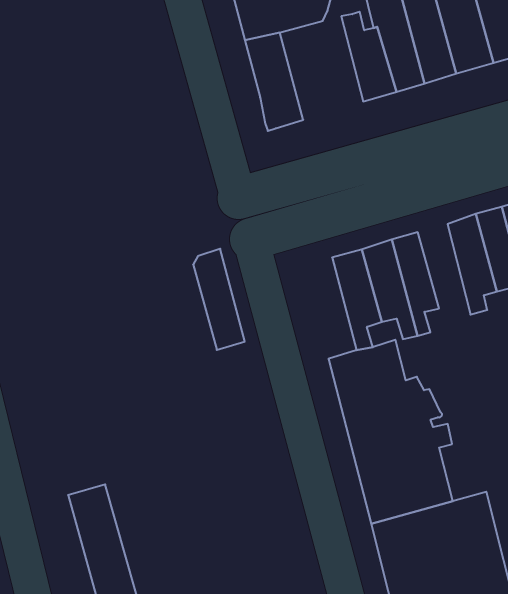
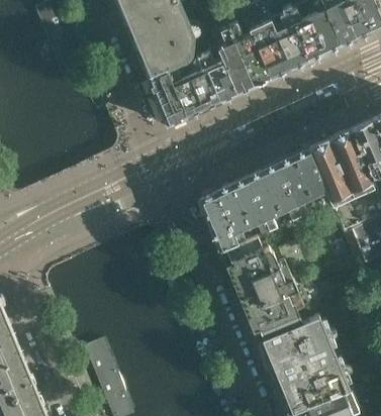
building: none -> [167,56,219,117]
building: none -> [261,165,297,218]
building: [193,249,245,350] -> [200,193,235,250]

